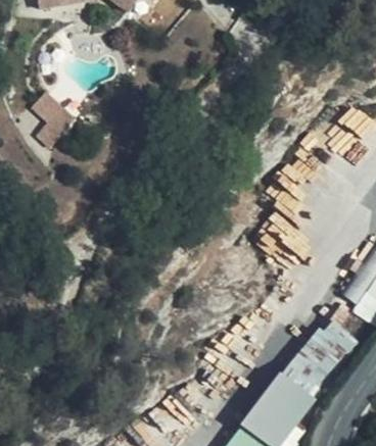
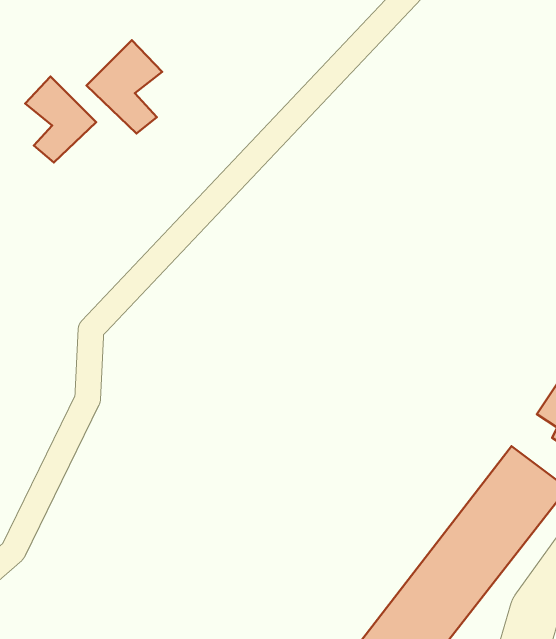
building: none -> [87,40,162,134]

